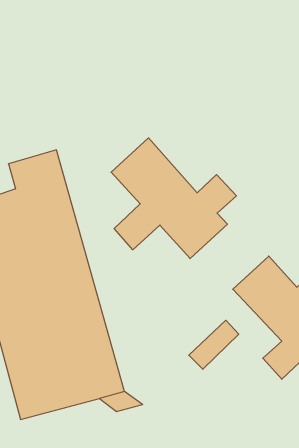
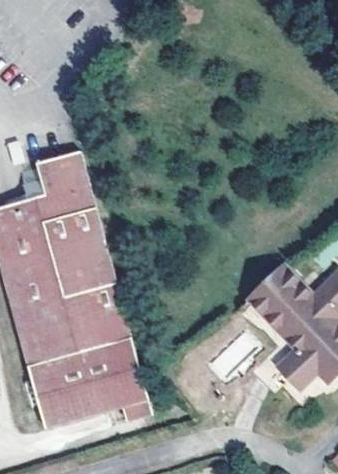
building: [111,138,236,259] -> none

